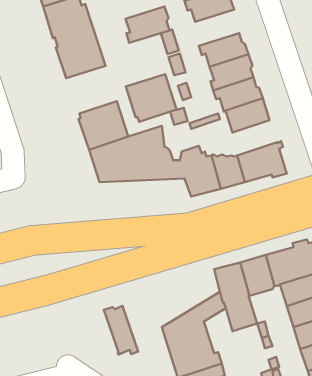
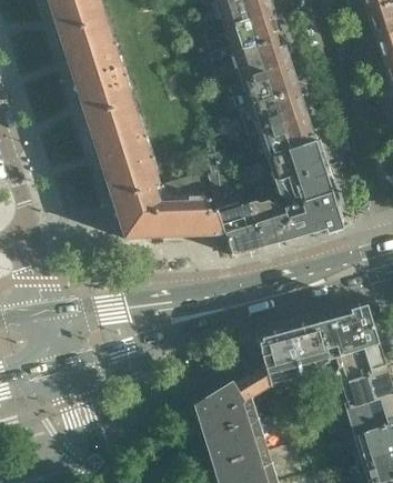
building: [125,7,169,43] -> [235,37,286,79]
building: [126,74,177,122] -> [85,102,144,158]
building: none -> [279,165,331,205]
building: [104,306,138,354] -> none

